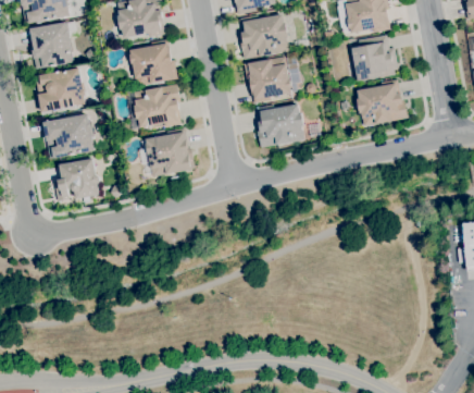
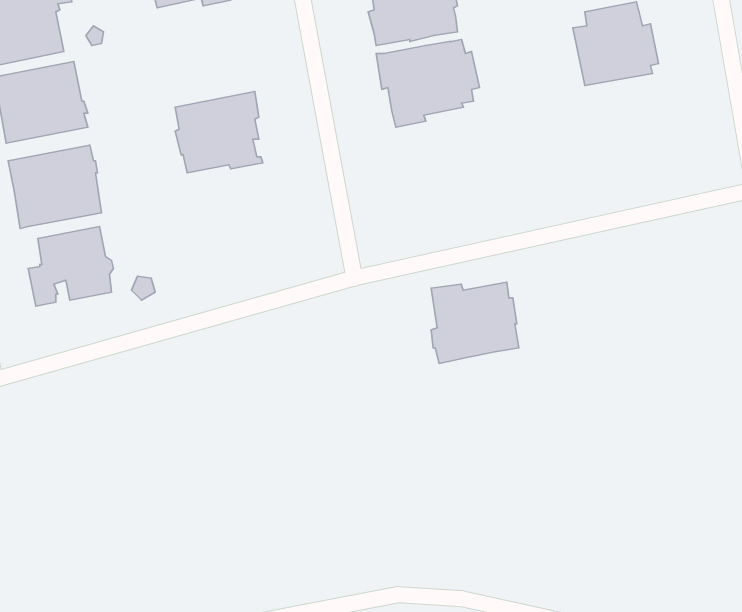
building: [129,39,177,86] -> none
building: [357,79,407,126] -> none
building: [257,103,304,148] -> [431,282,519,364]
building: [146,128,191,176] -> none

